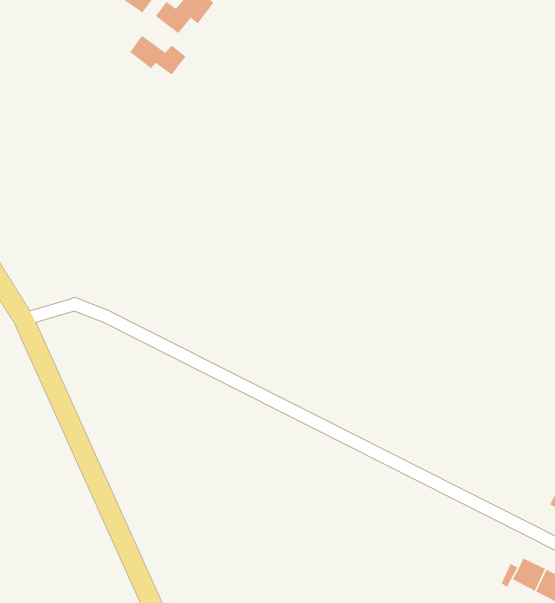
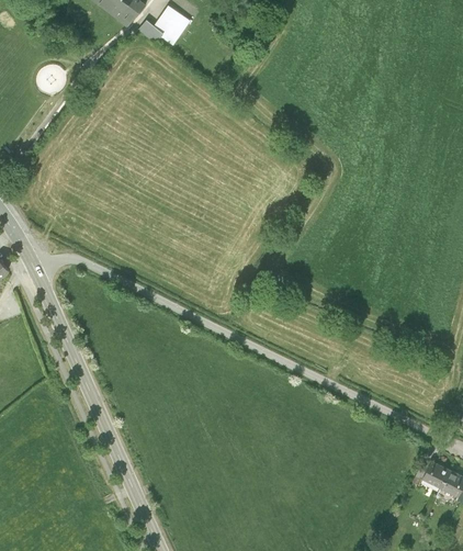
building: [129,35,186,76] -> none

